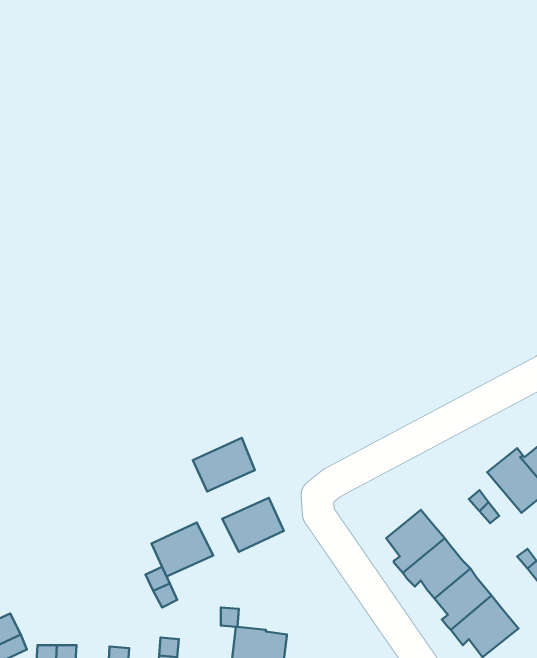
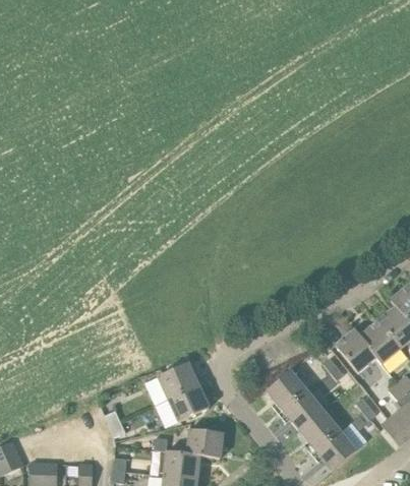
building: [193,438,255,491] -> none
building: [152,523,213,577] -> [167,385,209,422]
building: none -> [185,429,223,459]

